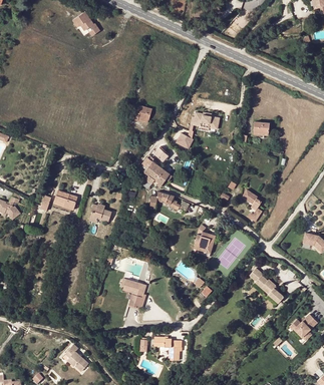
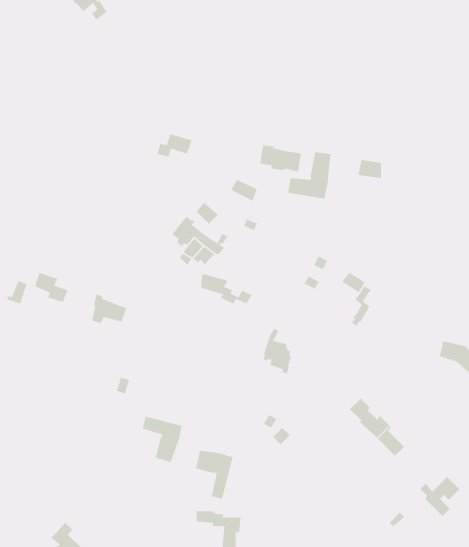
building: none -> [287,151,331,200]
building: none -> [195,450,234,500]

